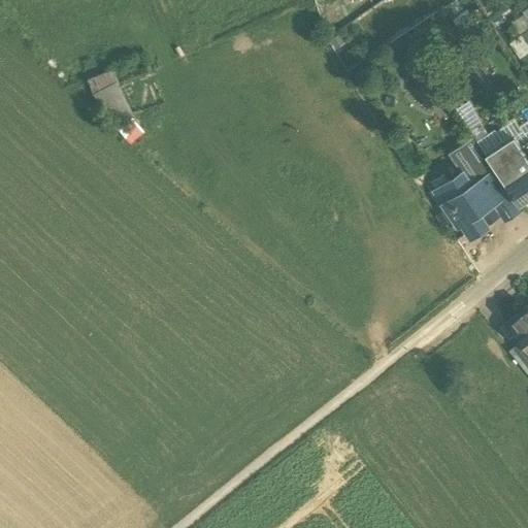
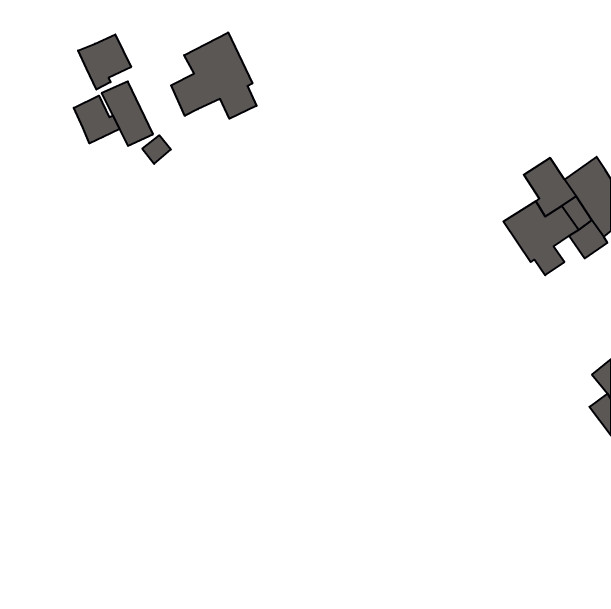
building: none -> [171,32,257,119]
building: none -> [78,34,131,90]
building: none -> [74,96,120,143]

